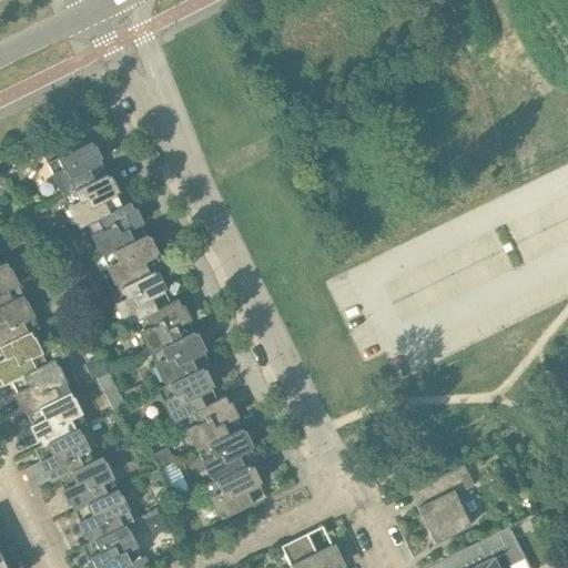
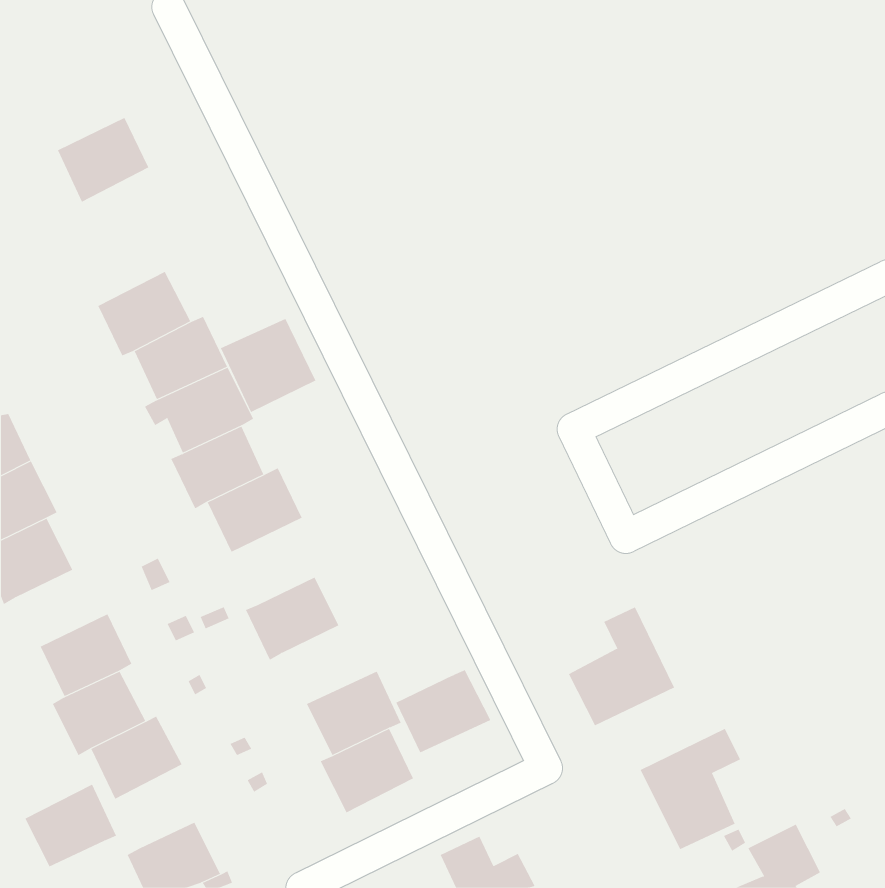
building: [49,141,108,195] -> [57,117,149,202]
building: none -> [220,318,316,413]
building: [150,331,212,386] -> none
building: [12,361,71,413] -> none
building: none -> [568,606,675,726]
building: [182,396,243,449] -> [396,670,491,753]
building: [75,488,134,541] -> [25,784,117,867]

